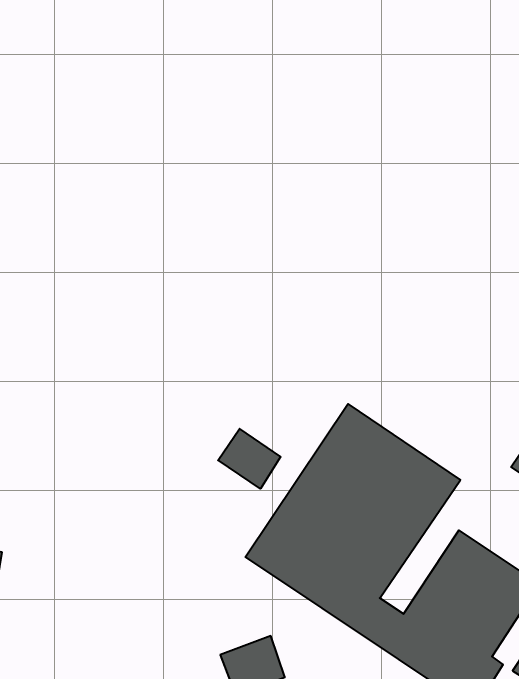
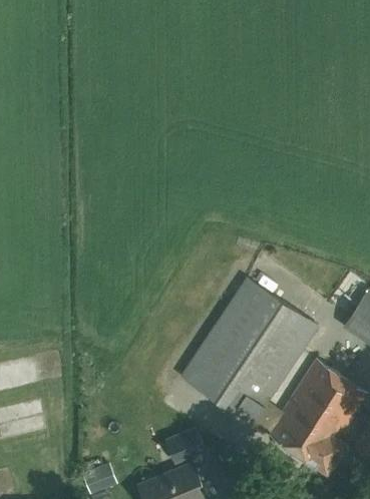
building: [218,429,281,489] -> none

